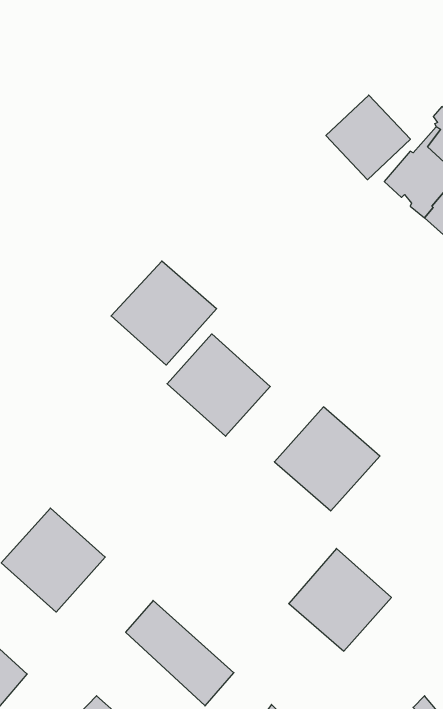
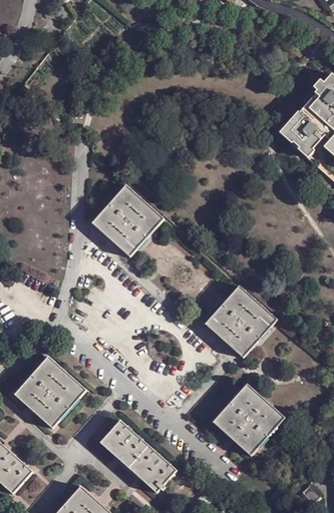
building: [326,95,410,180] -> none
building: [167,334,270,436] -> none

